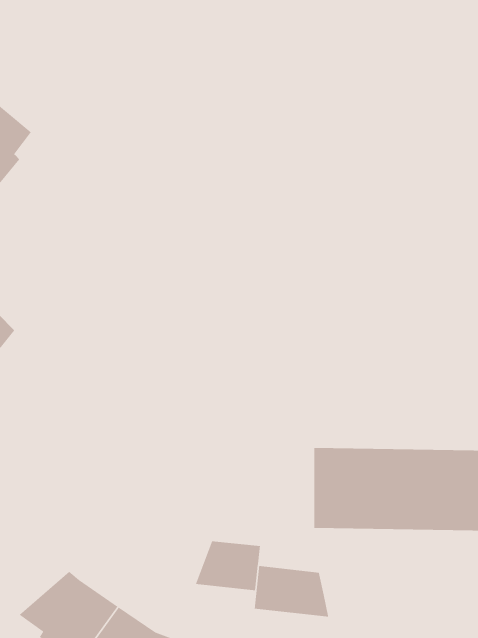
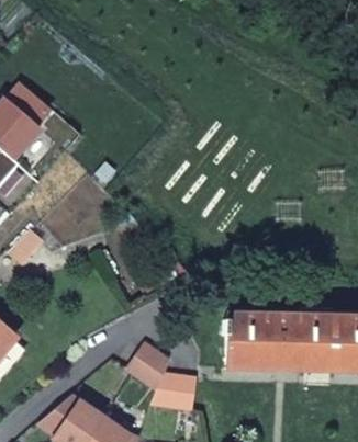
building: none -> [127,343,169,388]
building: [254,565,329,617] -> none

